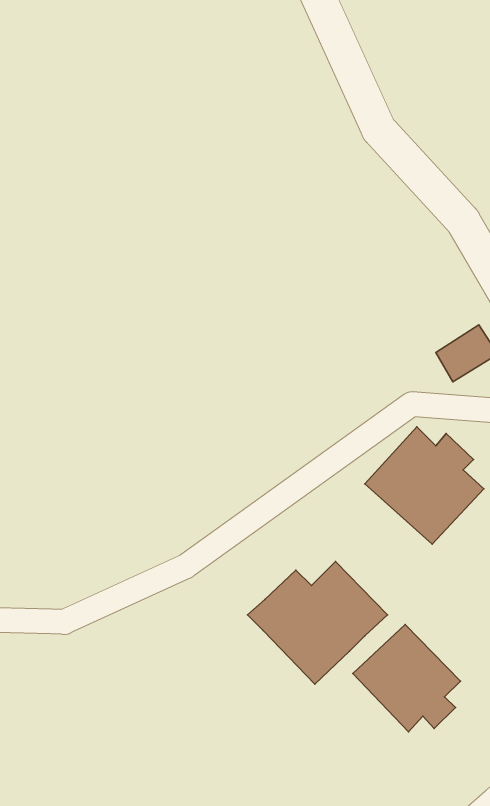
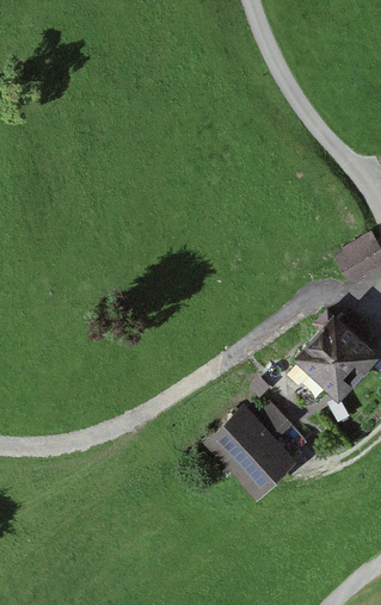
building: [353,625,460,732] -> none

